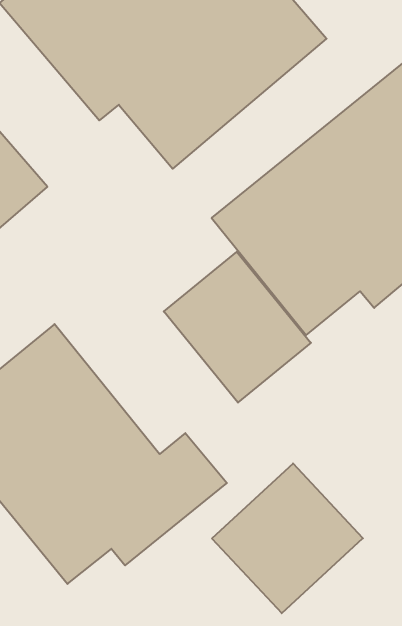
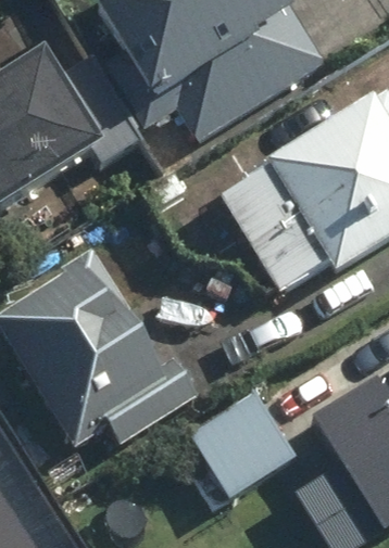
building: [164,252,311,403] -> none

